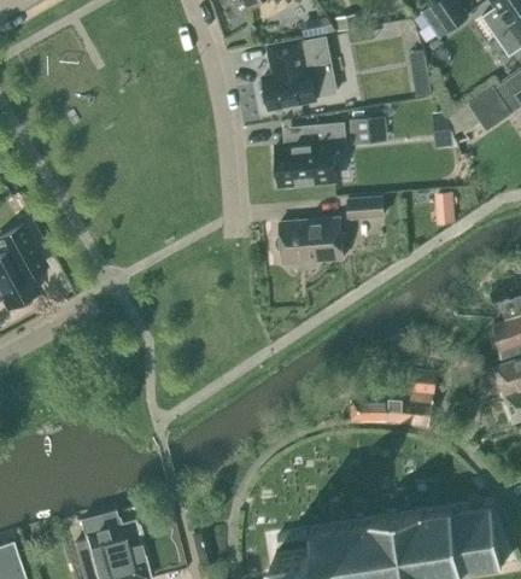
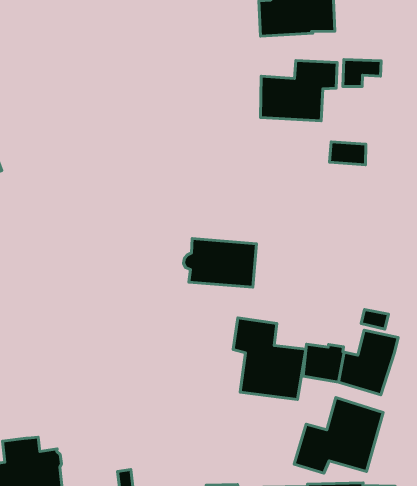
building: [274,217,341,262] -> [184,239,256,287]
building: none -> [233,318,306,400]
building: none -> [294,397,383,473]

